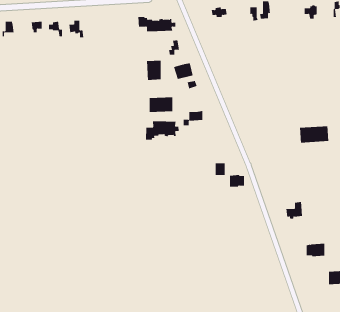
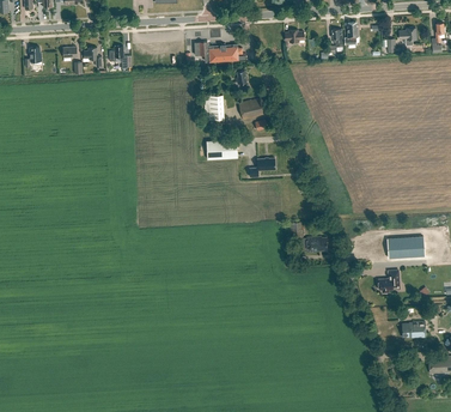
building: [146,121,179,140] -> none
building: [299,126,329,143] -> [388,237,425,259]

